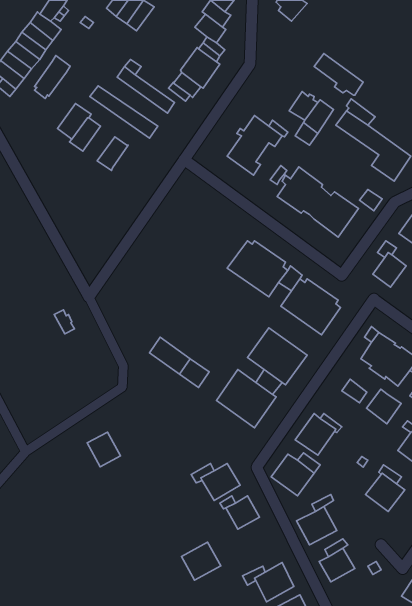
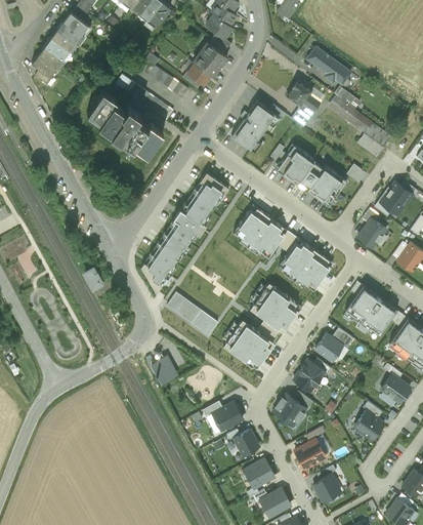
building: [34,55,70,98] -> [110,106,140,143]
building: none -> [135,123,164,155]
building: none -> [141,173,229,294]
building: [367,389,401,424] -> [314,334,344,364]
building: [87,432,121,467] -> [151,355,179,385]
building: [181,542,221,580] -> [243,457,277,490]

